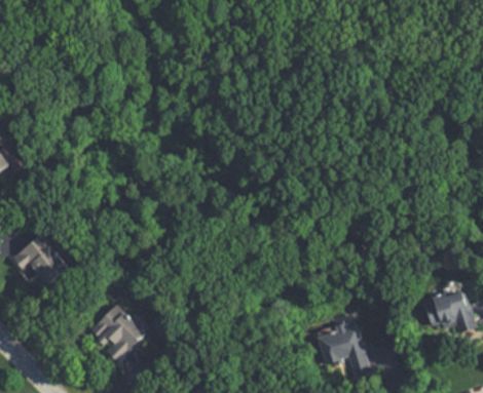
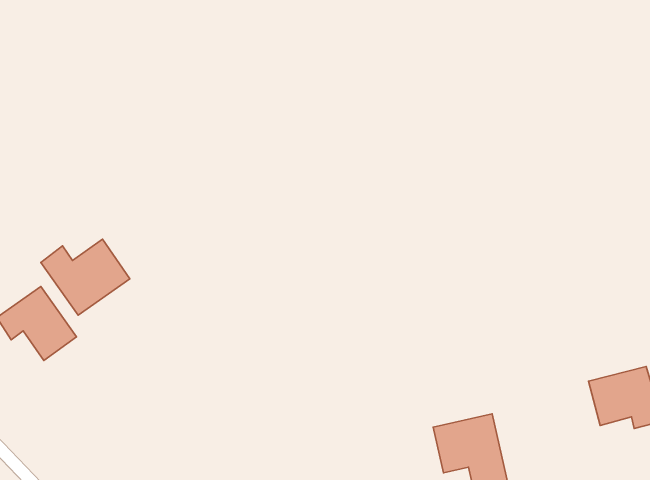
building: none -> [41,239,130,315]
building: [88,303,147,361] -> none

